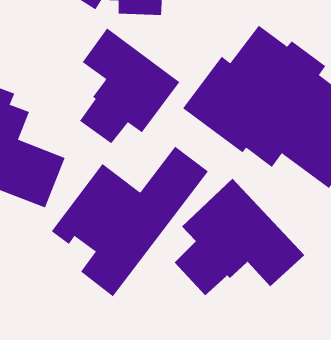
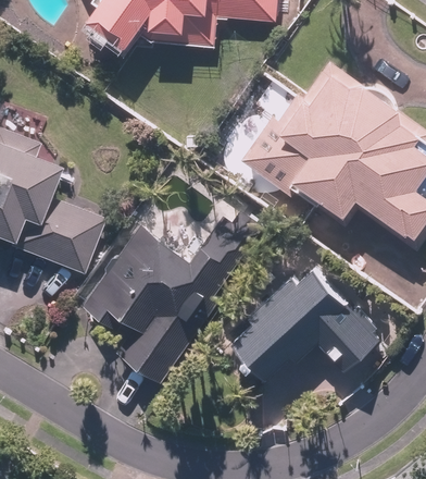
building: [79,28,180,144] -> none

